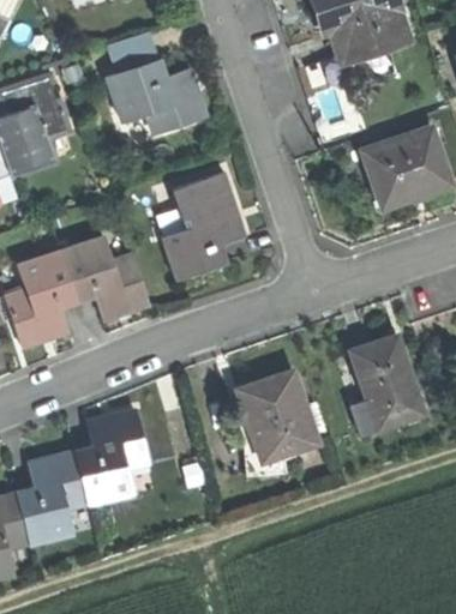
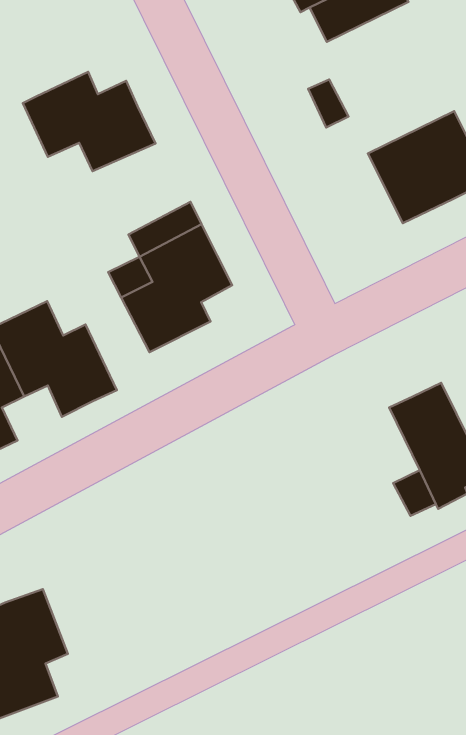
building: [108,30,161,77] -> none
building: [236,371,313,458] -> none
building: [72,410,144,501] -> none

